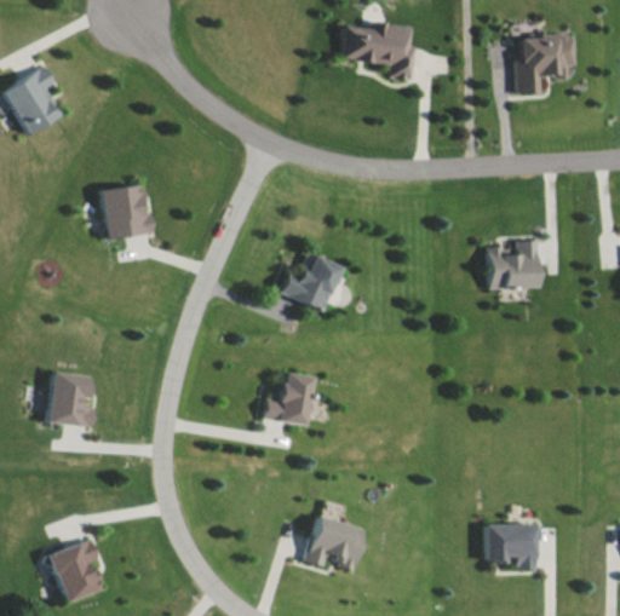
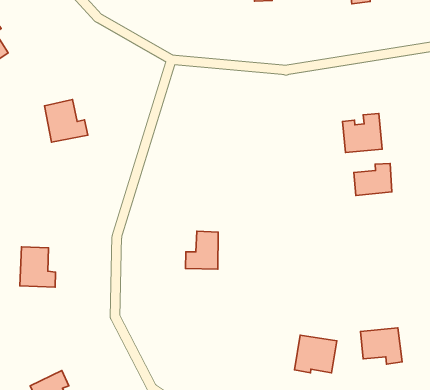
building: [280,252,341,311] -> none
building: none -> [354,164,392,195]
building: [306,516,366,569] -> [294,335,337,373]

